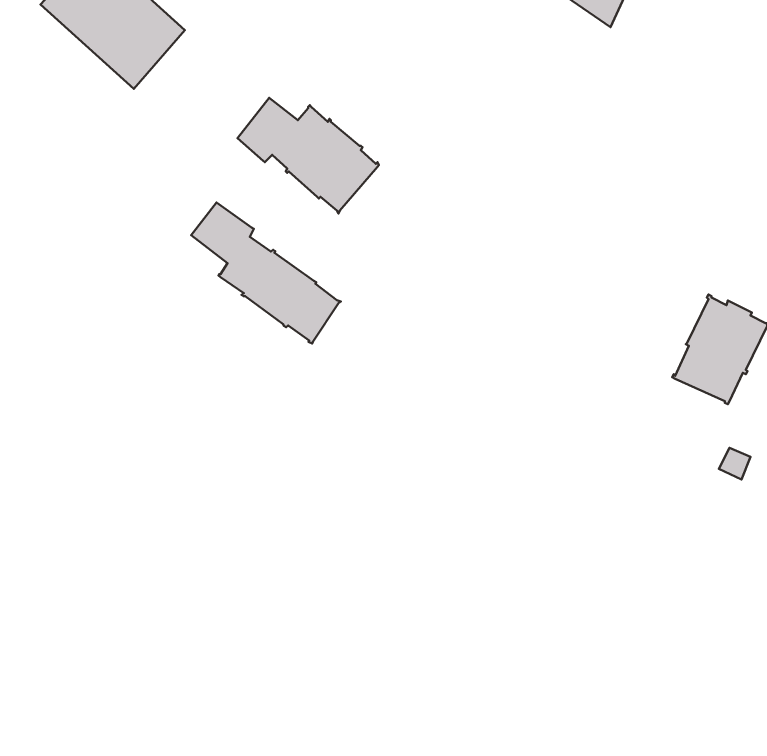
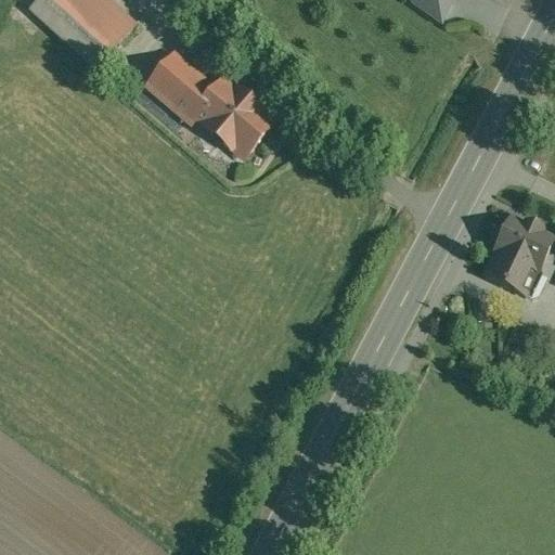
building: none -> [149,52,194,100]
building: [191,202,341,343] -> none

